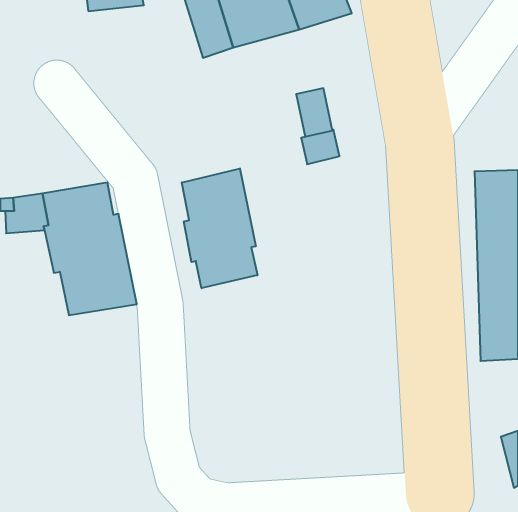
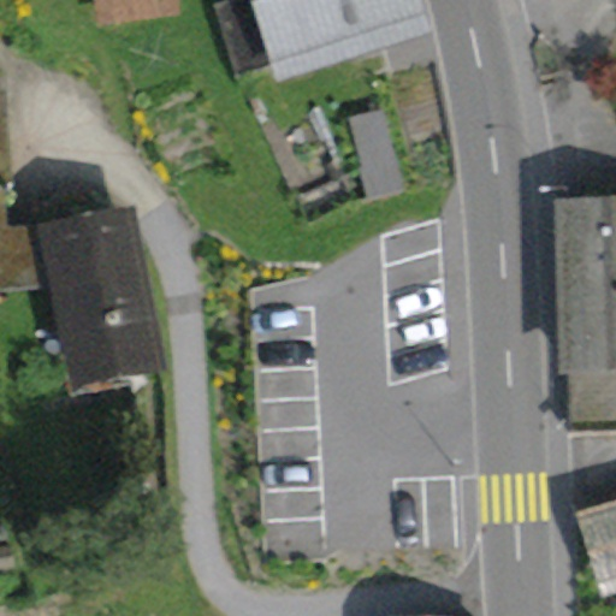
building: [182,168,257,288] -> none

